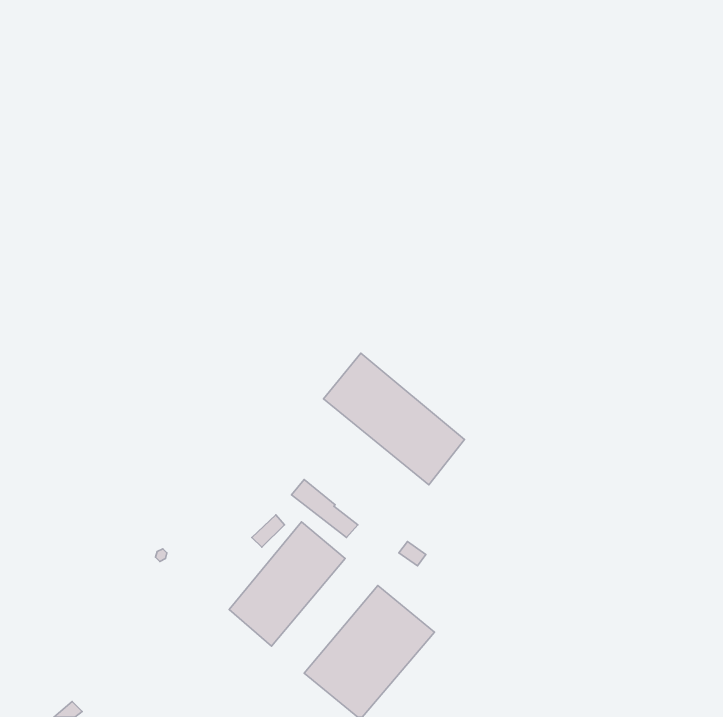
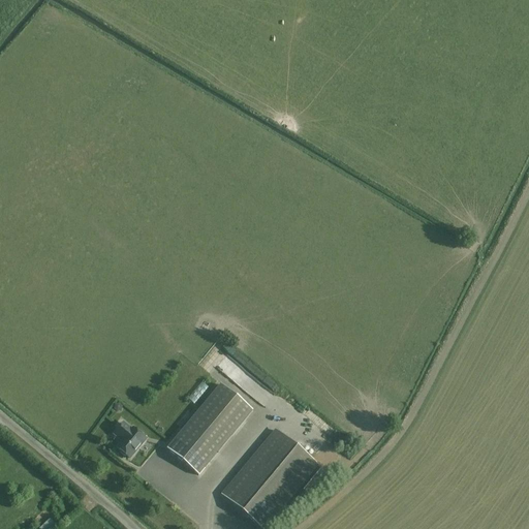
building: [323,353,464,485] -> none
building: none -> [115,421,146,456]

